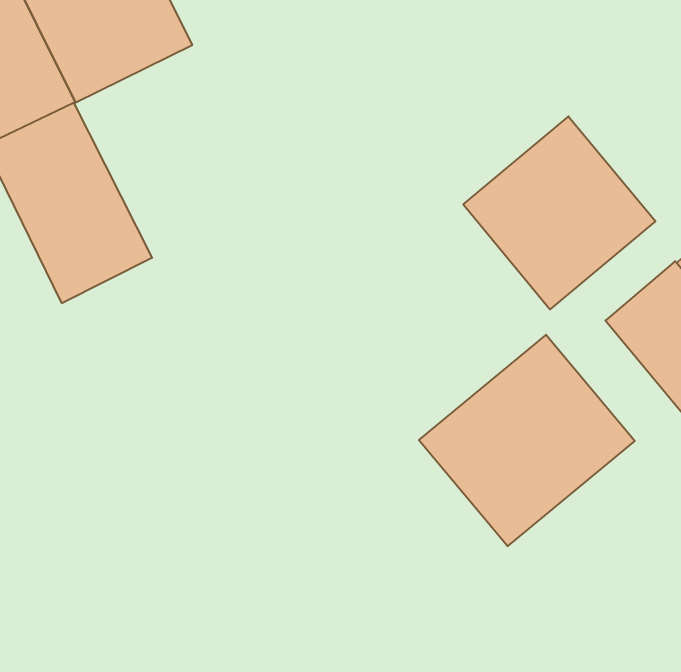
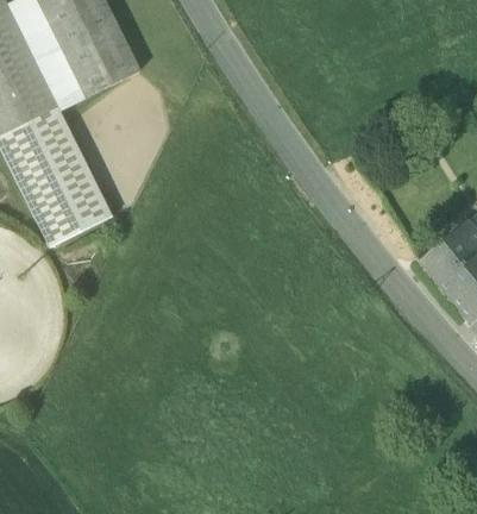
building: [463,116,655,309] -> none
building: [419,335,635,546] -> none

